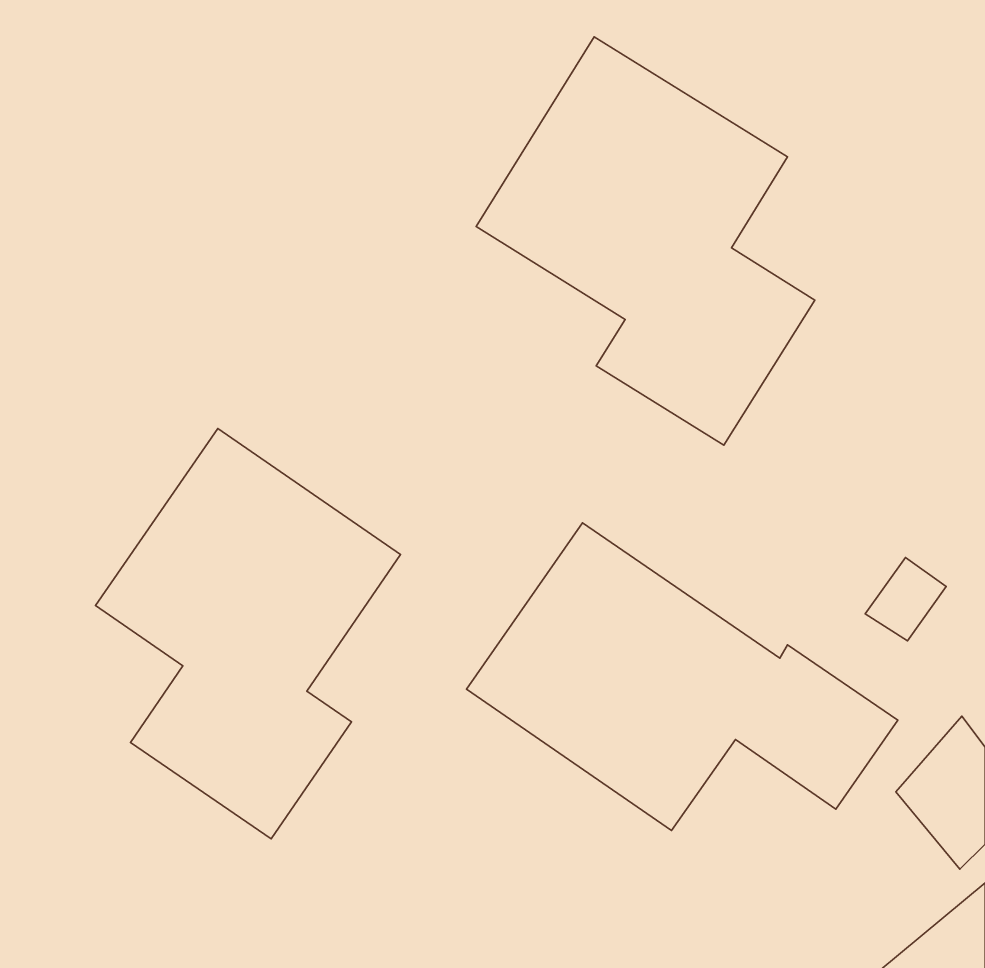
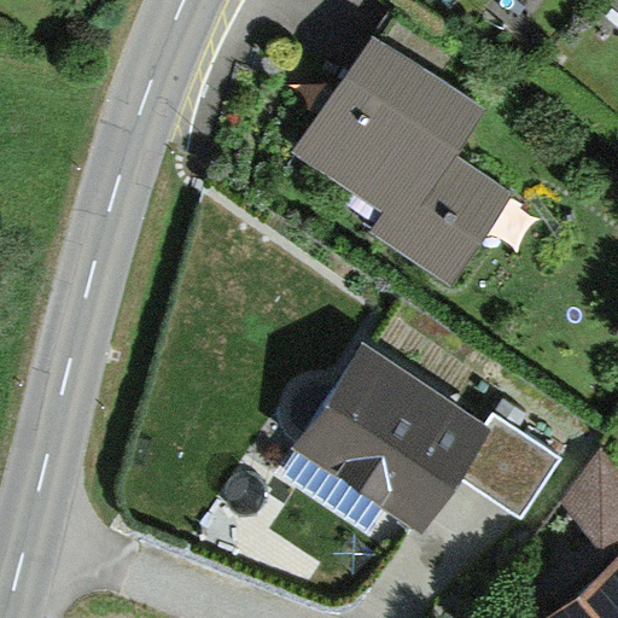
building: [96,429,401,839] -> none

